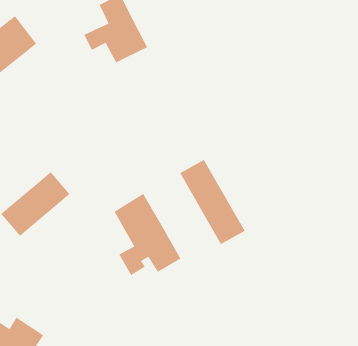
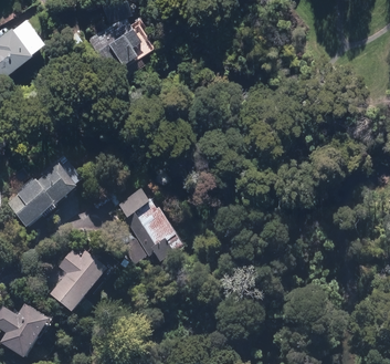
building: [179,159,246,245] -> none
building: none -> [49,248,105,312]

